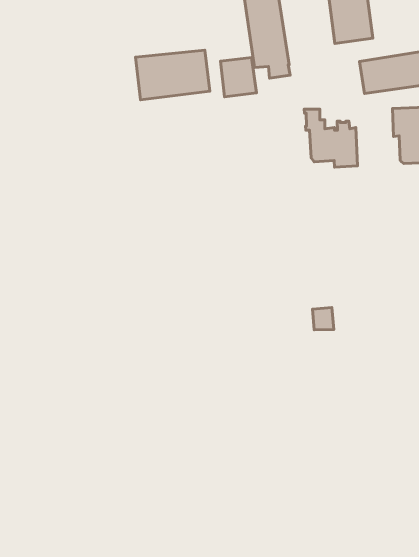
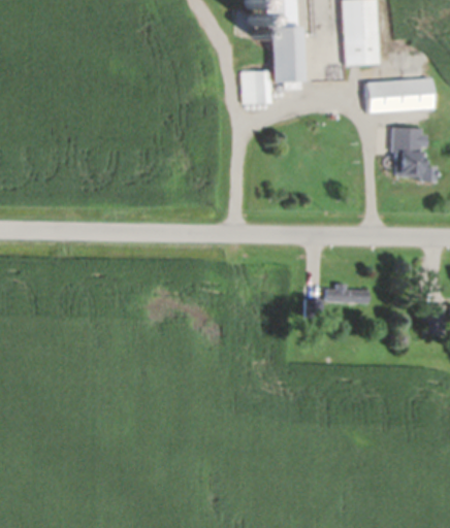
building: [135,50,210,100] -> none
building: [304,109,357,167] -> none
building: none -> [327,285,371,303]

